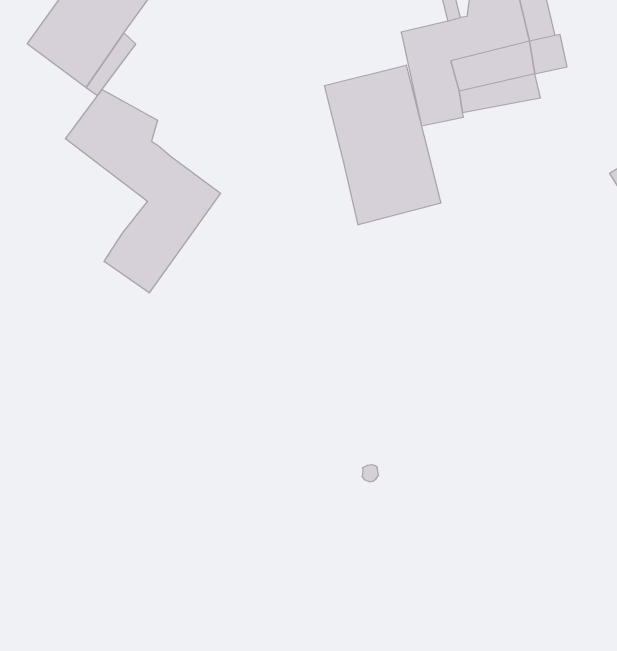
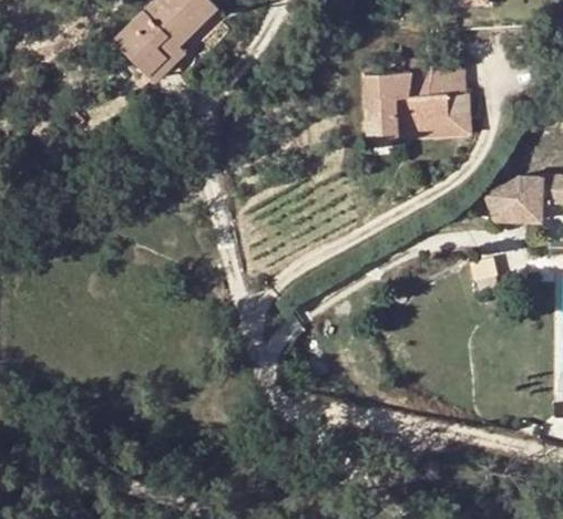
building: [325,65,441,225] -> none
building: [65,90,221,293] -> none

